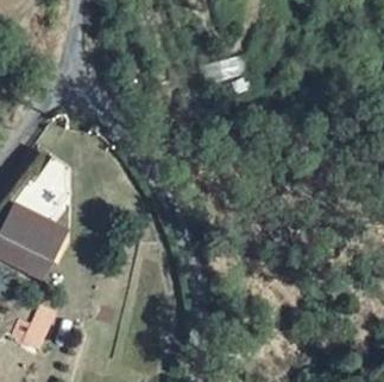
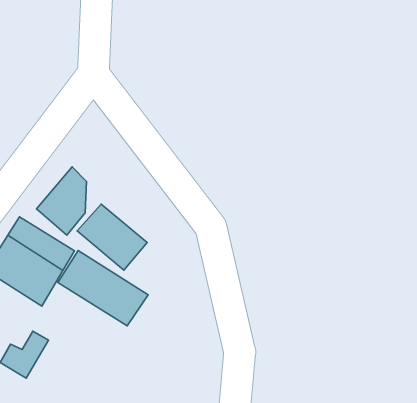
building: none -> [77,204,147,270]
building: none -> [58,251,148,326]

